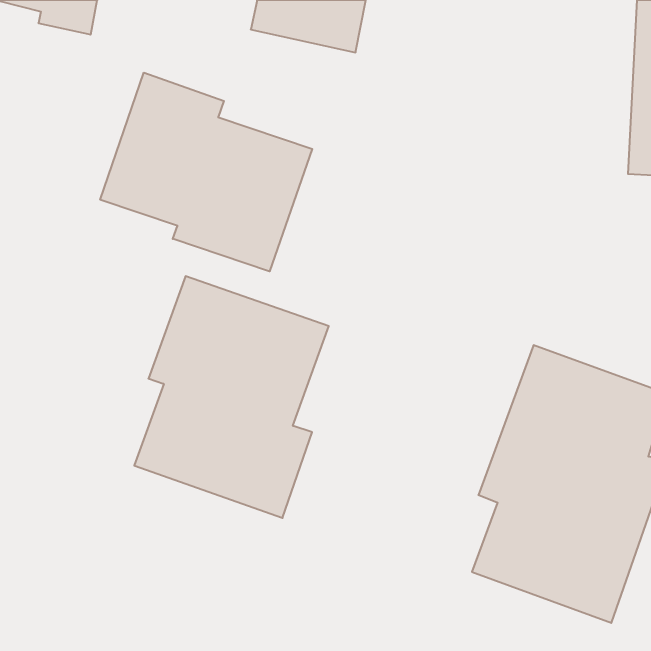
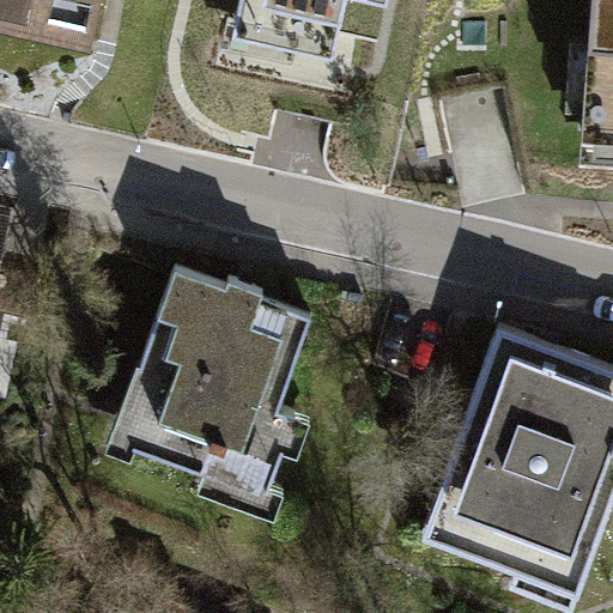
building: [100,73,312,271] -> none

